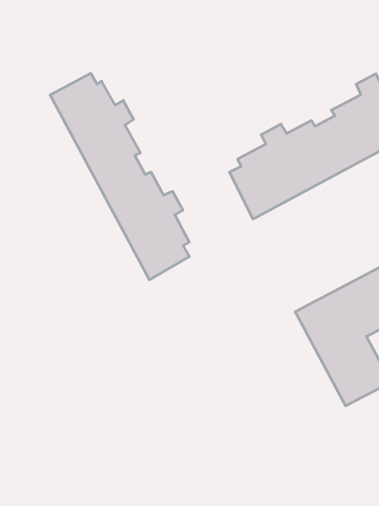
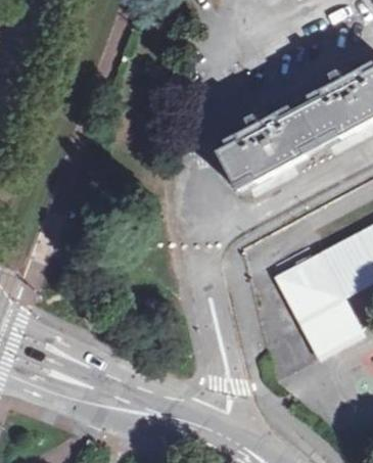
building: [50,73,189,280] -> none

